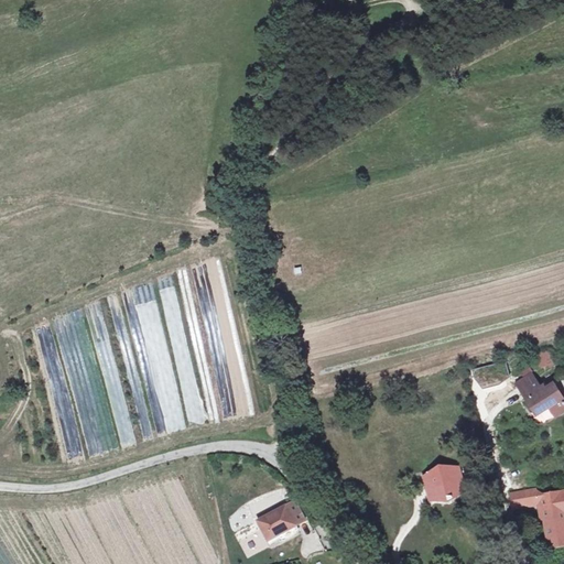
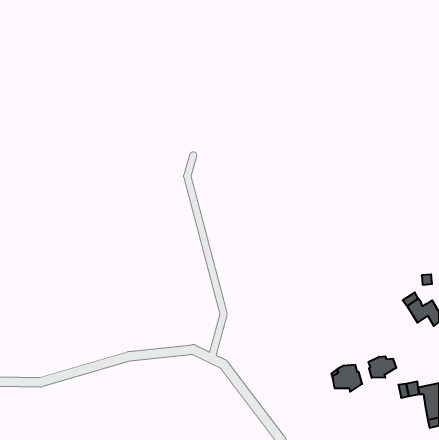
building: none -> [369,356,396,378]
building: [257,500,304,540] -> none

